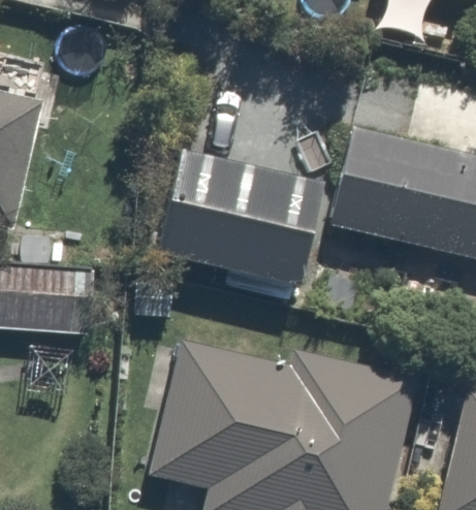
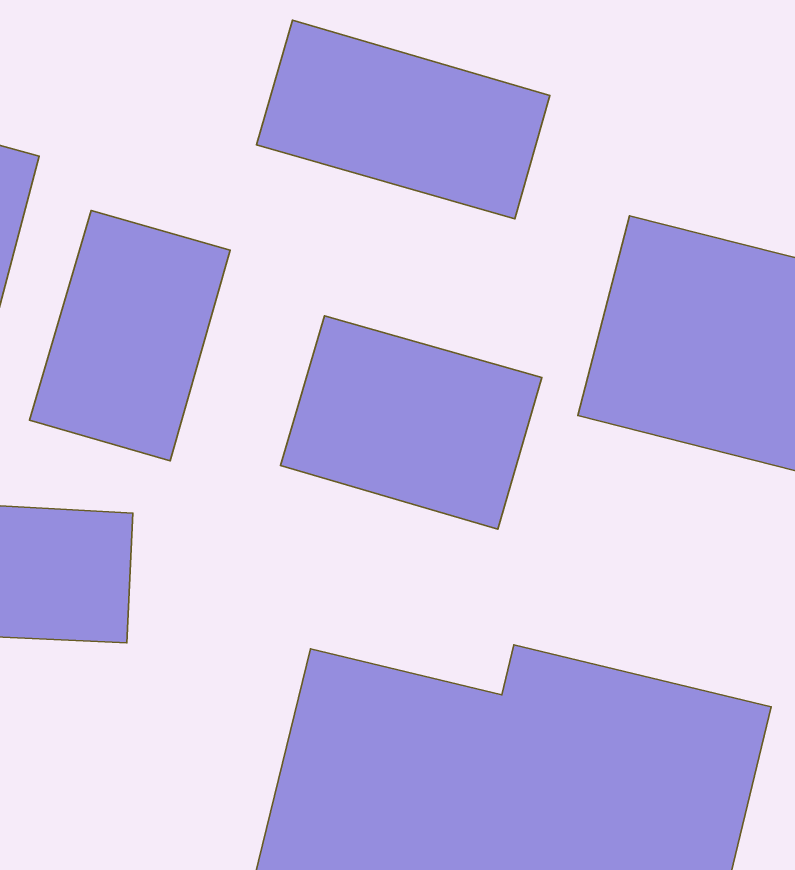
building: none -> [256,20,550,219]
building: none -> [29,211,230,461]

